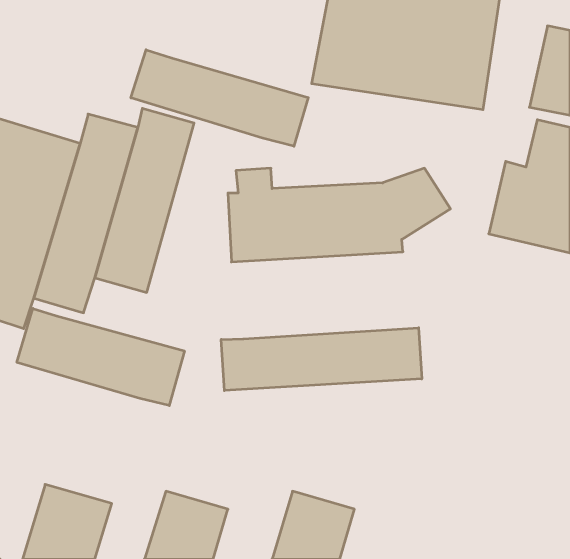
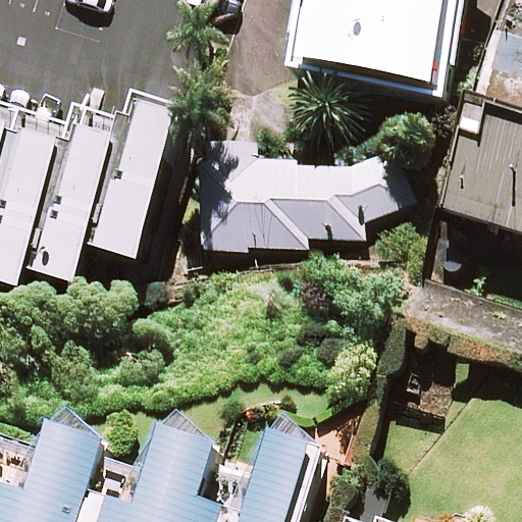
building: [131,50,308,146] -> none
building: [17,308,184,406] -> none
building: [221,328,422,391] -> none

